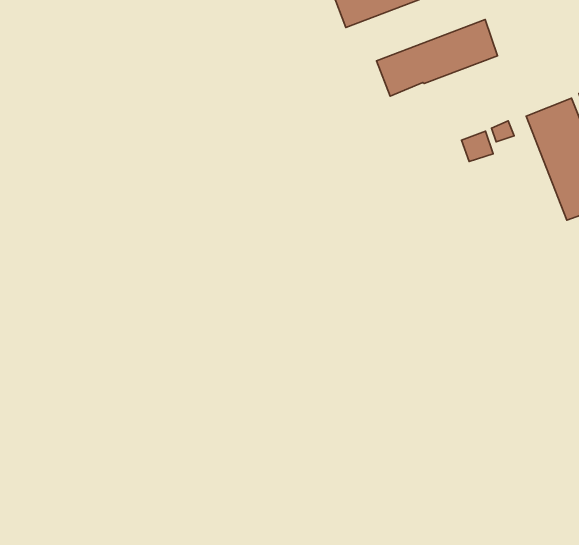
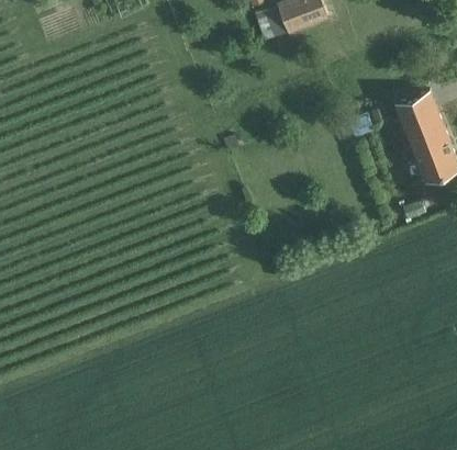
building: [377,20,497,96] -> none

